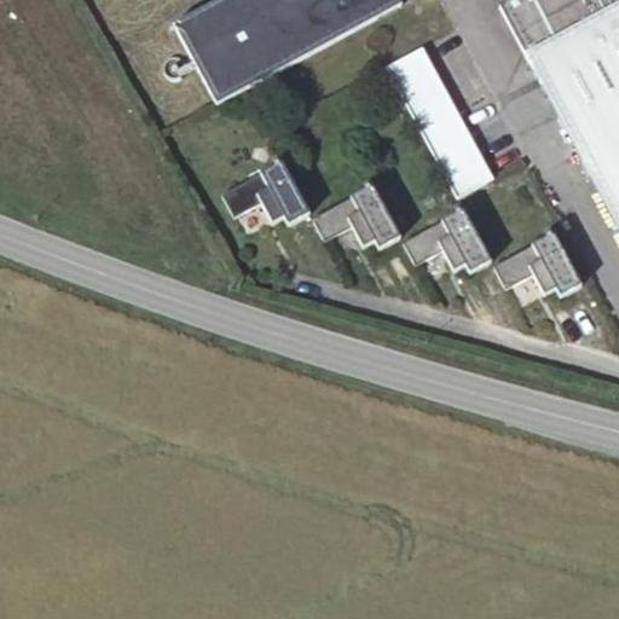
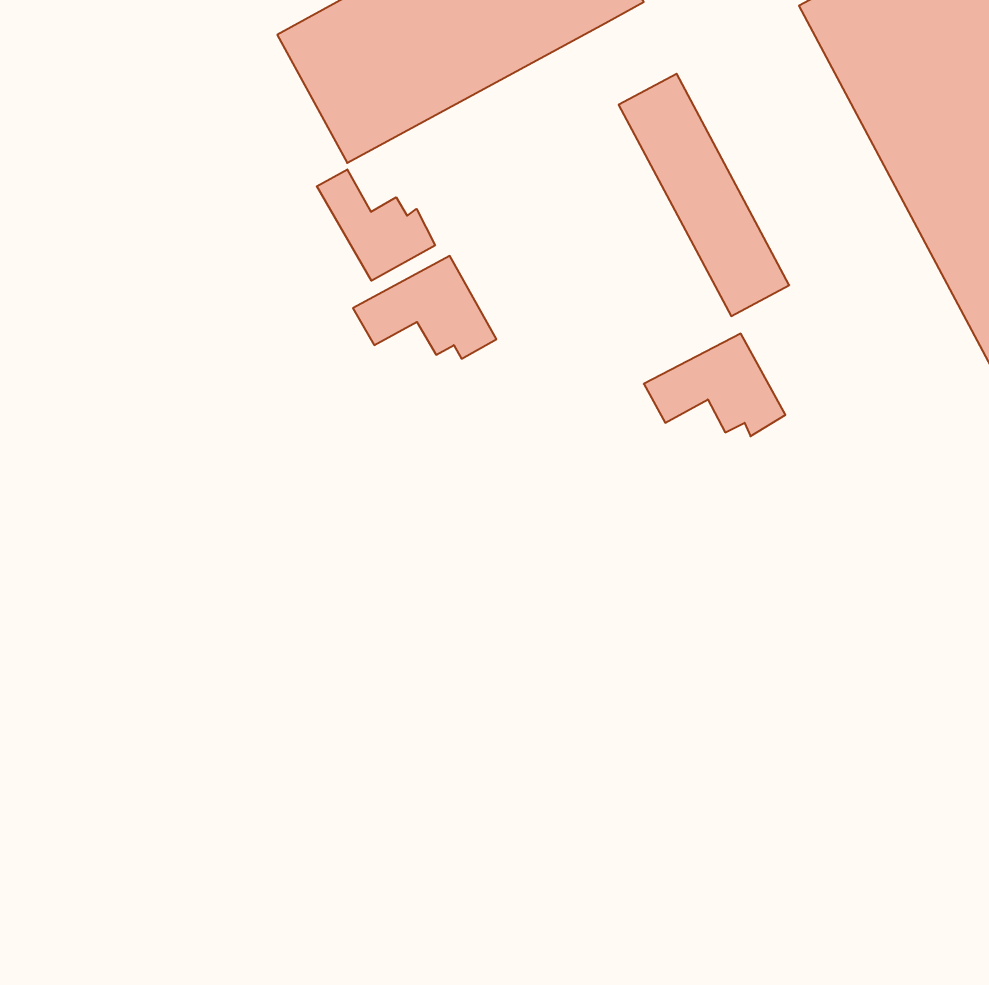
building: none -> [317,169,435,281]
building: [312,183,401,247] -> none
building: [492,232,582,296] -> none

